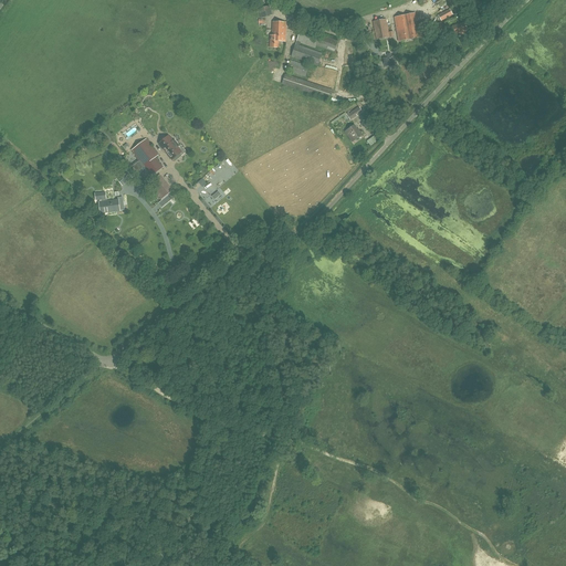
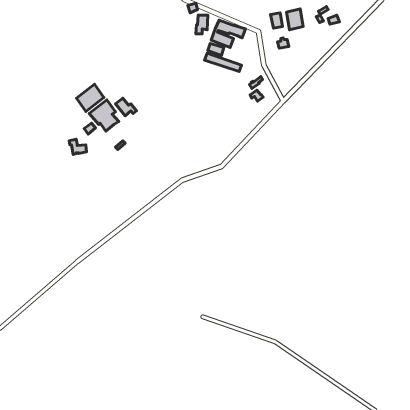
building: none -> [77,84,104,111]

